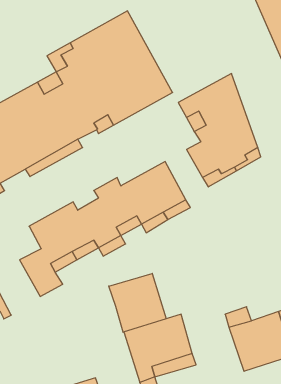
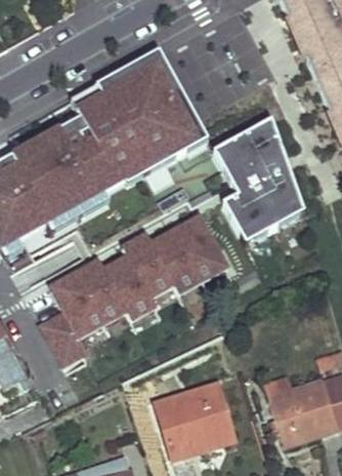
building: [109,273,166,332] -> none

